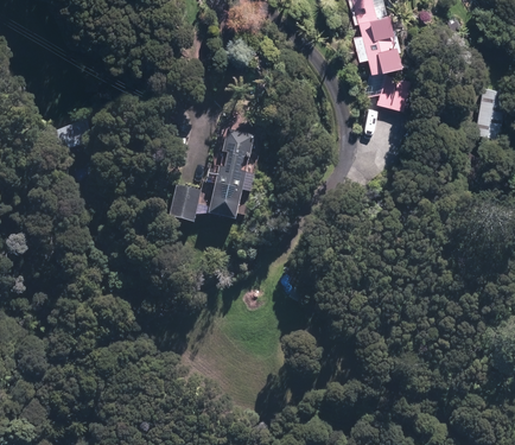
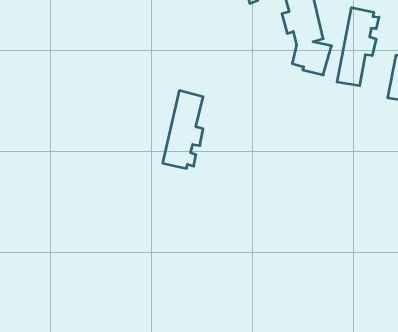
building: none -> [337,8,379,86]
building: [173,183,210,220] -> none

